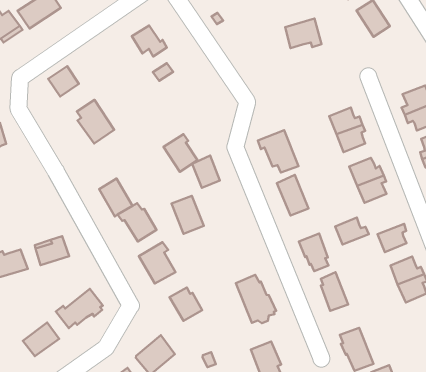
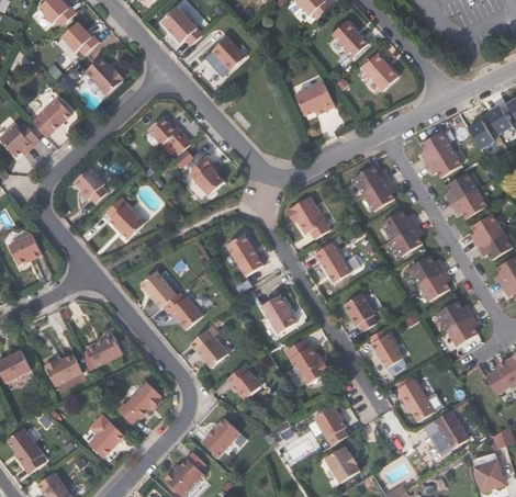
building: [164,134,197,172] -> [189,156,224,193]
building: [171,196,204,234] -> [260,294,295,332]
building: [335,218,369,244] -> [408,255,442,283]

